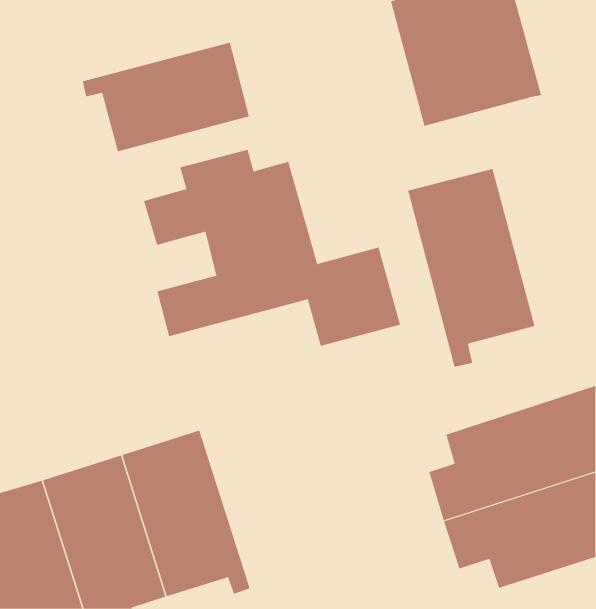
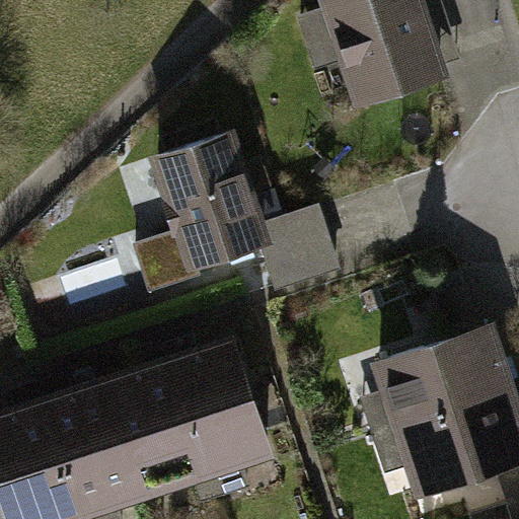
building: [82,42,249,152] -> none
building: [408,168,535,368] -> none
building: none -> [168,342,274,496]

